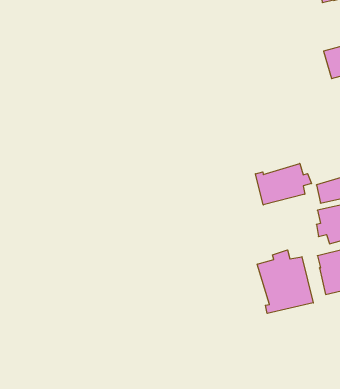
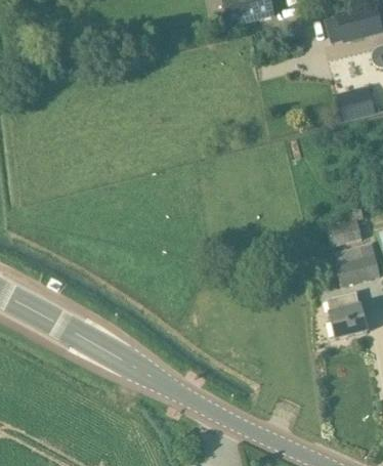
building: [255,163,311,205] -> none
building: [257,250,313,313] -> none

